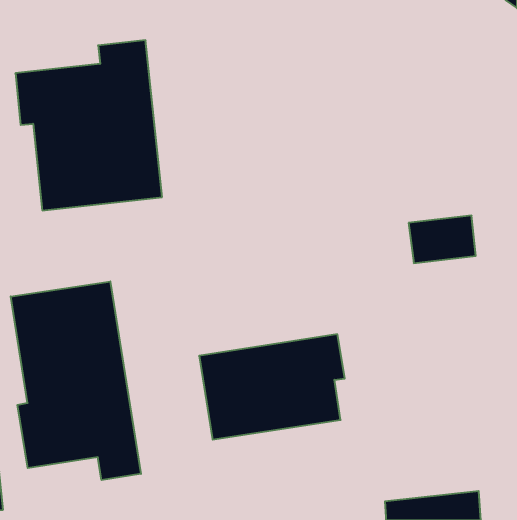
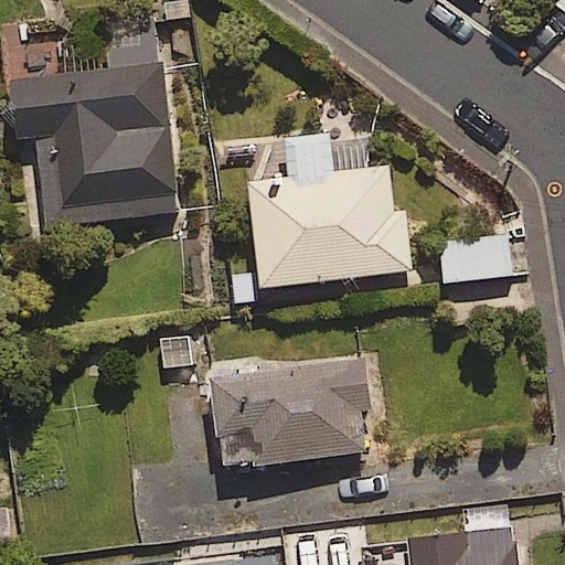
building: none -> [249,134,409,289]
building: [11,281,141,480] -> none

